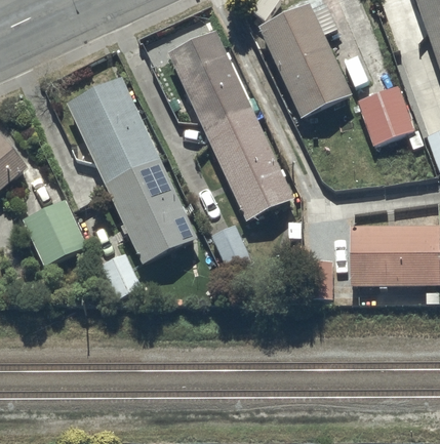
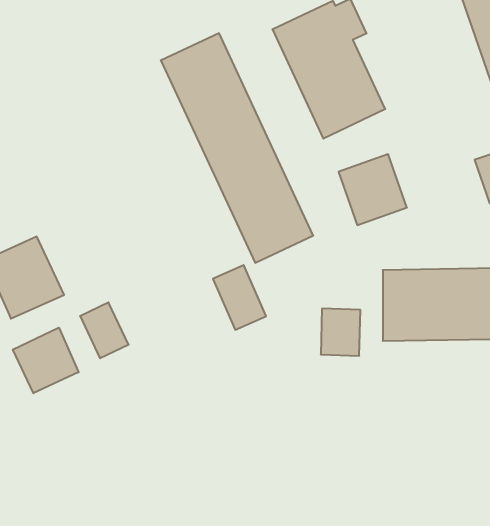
building: [66,77,199,263] -> none
building: [357,86,413,145] -> [339,154,407,225]
building: none -> [13,328,79,393]

